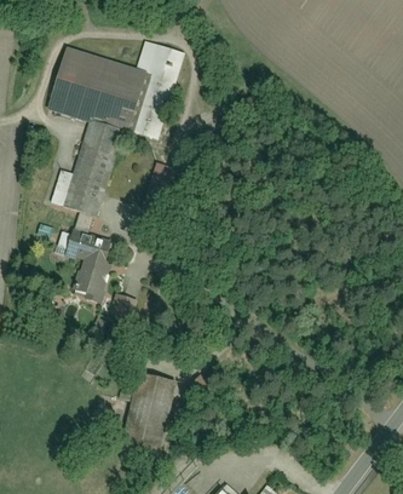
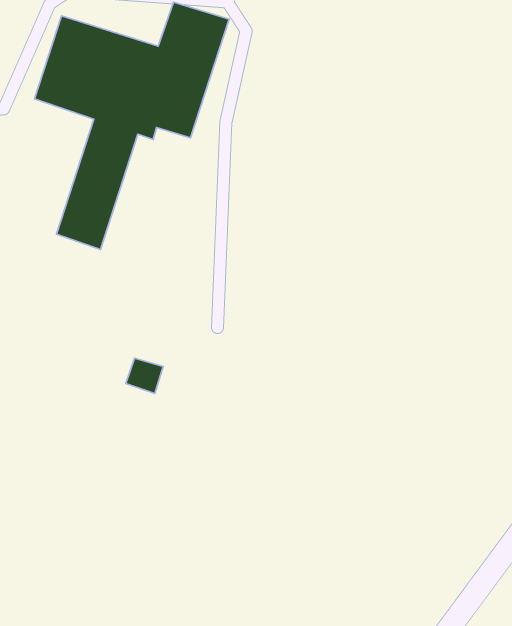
building: [65,226,111,303] -> none
building: [121,372,175,452] -> none

